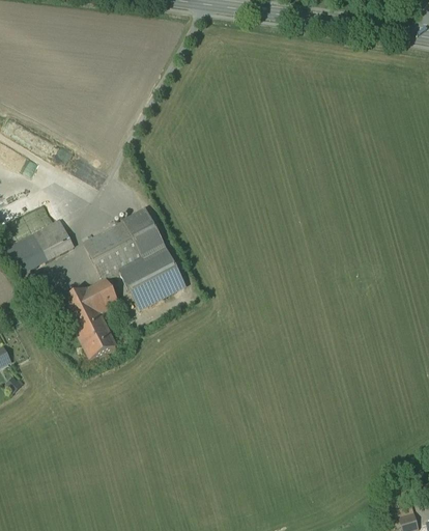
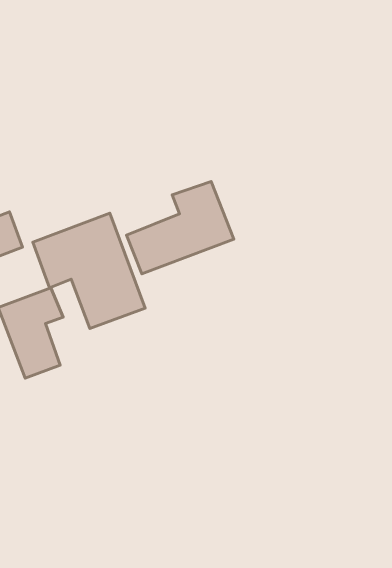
building: none -> [127,181,234,274]

